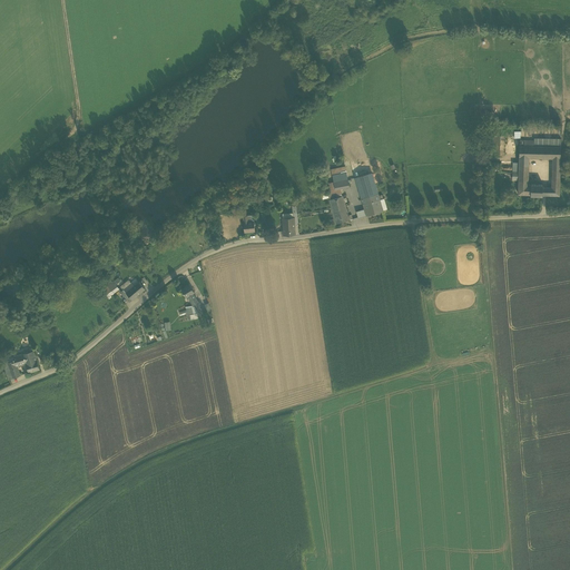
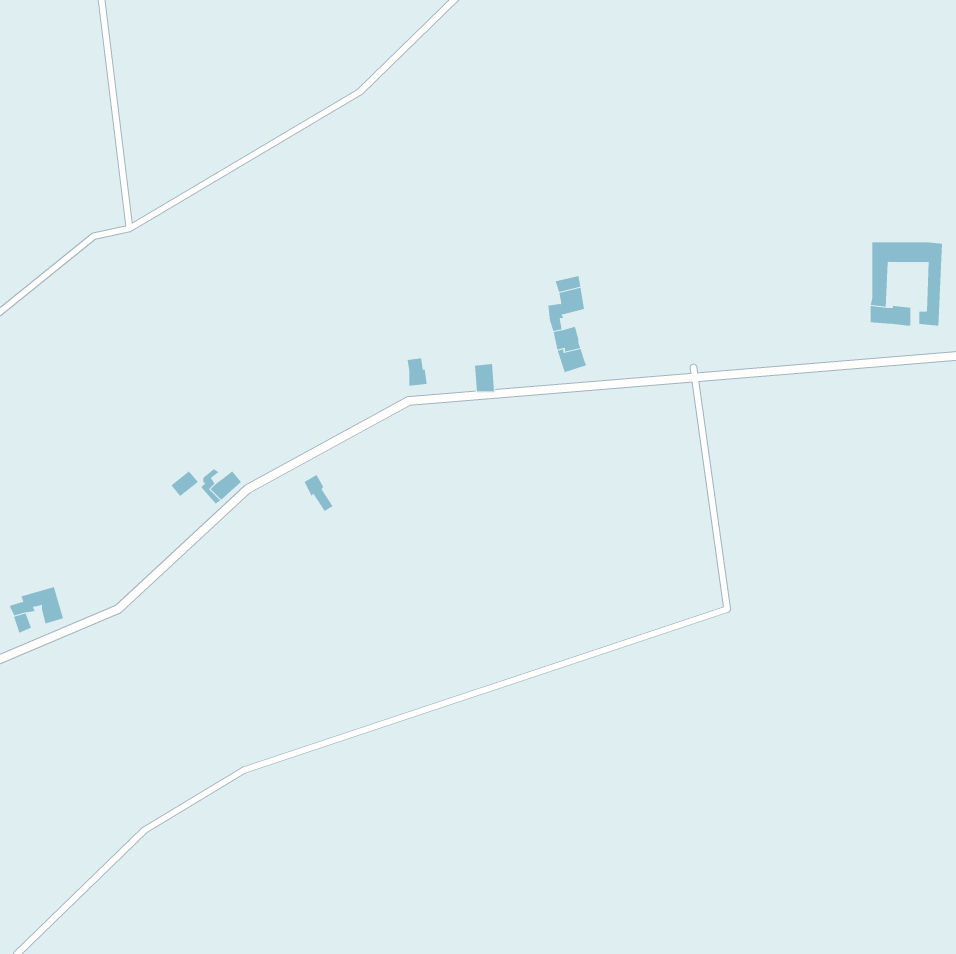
building: [354,170,382,213] -> none

